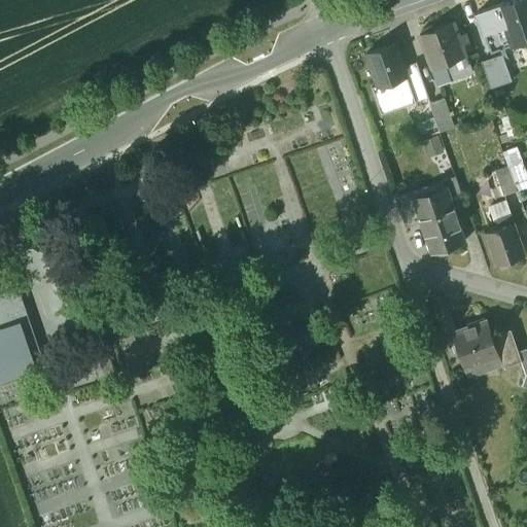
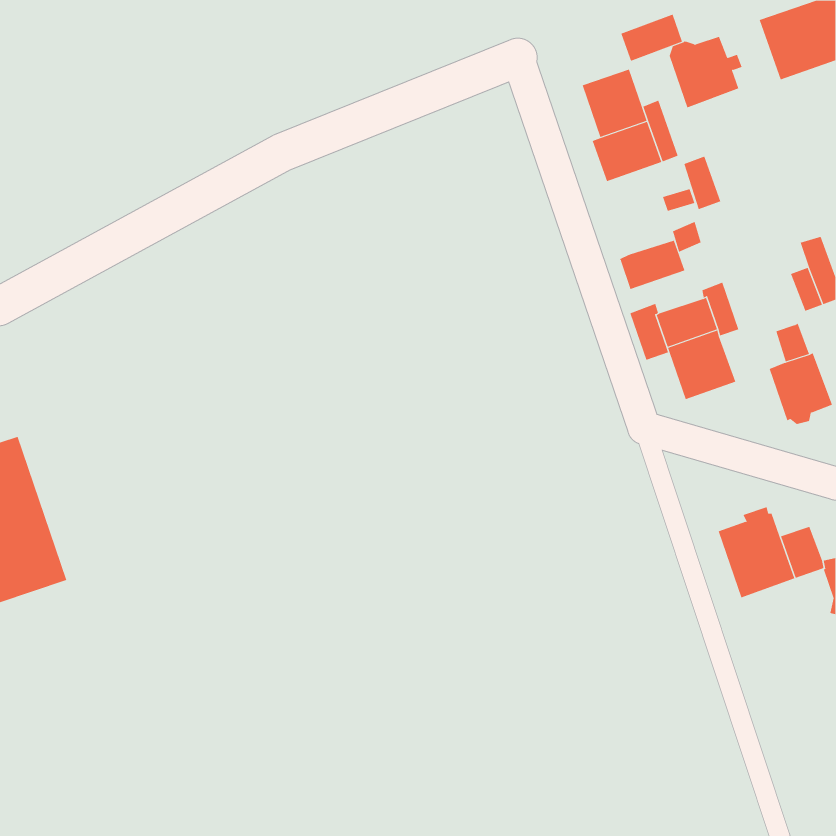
building: [481,56,511,90] -> none
building: [431,57,470,86] -> [621,14,683,62]
building: none -> [619,240,685,290]

